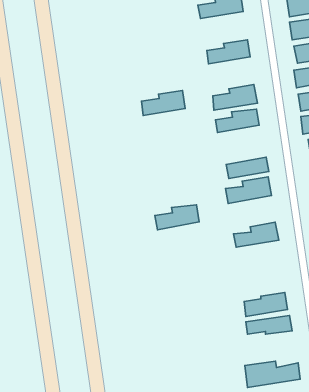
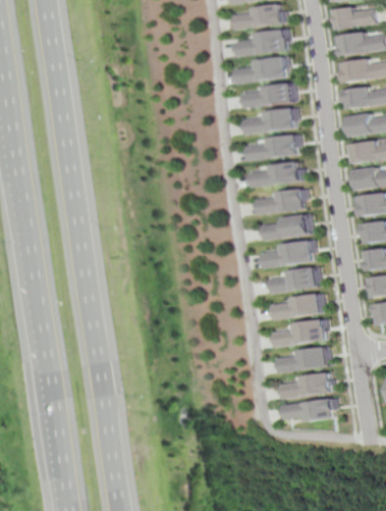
building: none -> [235,56,286,84]
building: [142,91,185,116] -> [245,107,295,136]
building: none -> [262,188,308,213]
building: [155,205,199,230] -> [270,266,321,295]
building: none -> [276,317,329,347]
building: none -> [282,345,334,372]
building: [245,361,300,387] -> none

